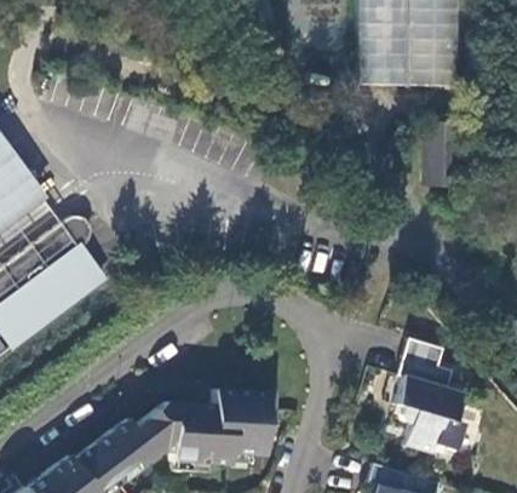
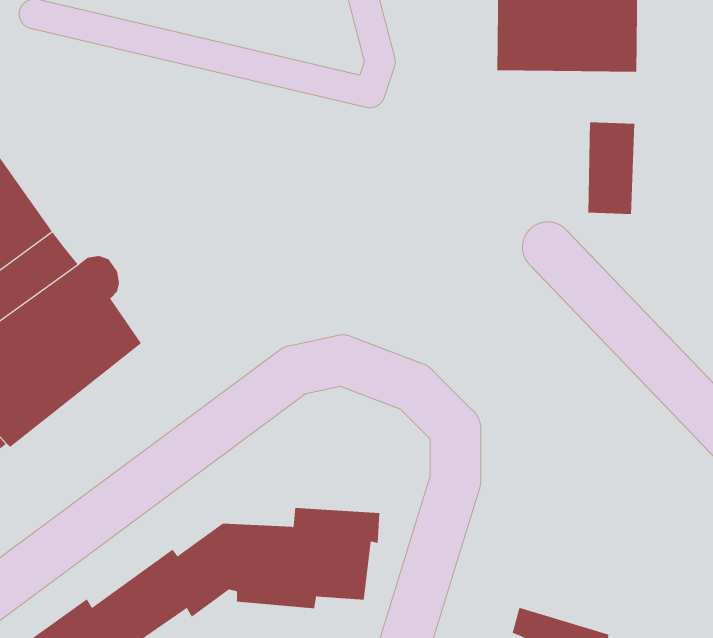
building: [392,337,461,451] -> none

